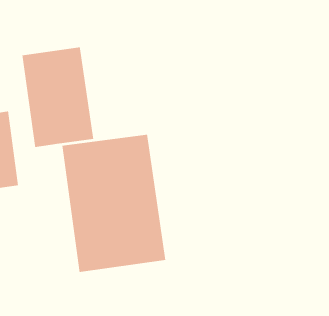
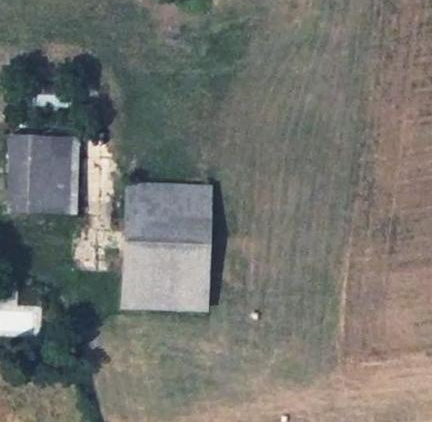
building: [22,46,94,148] -> none

